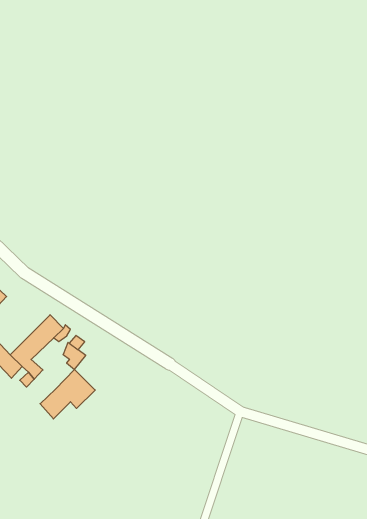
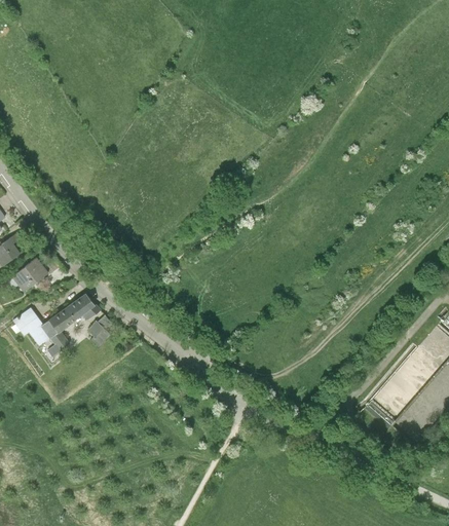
building: [40,369,95,419] -> none

